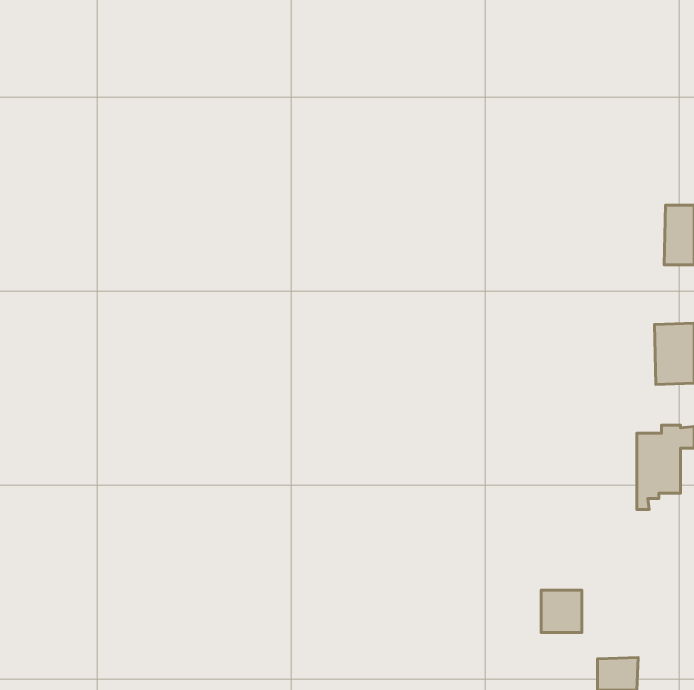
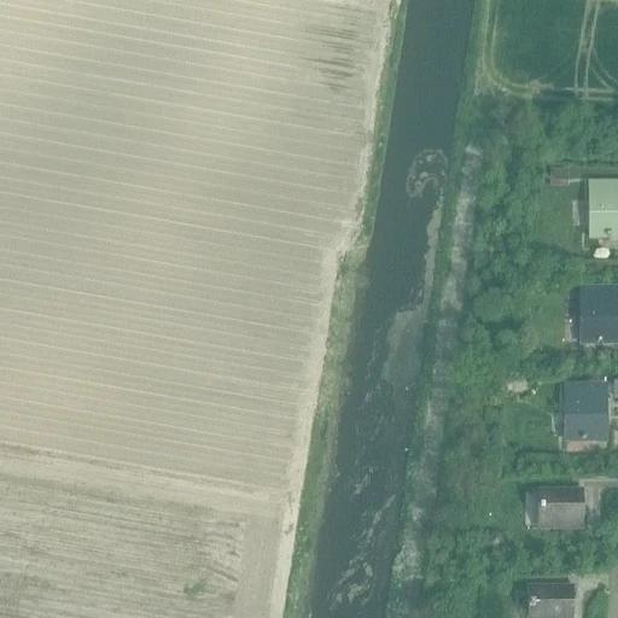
building: [541,590,582,632] -> [542,489,578,526]

